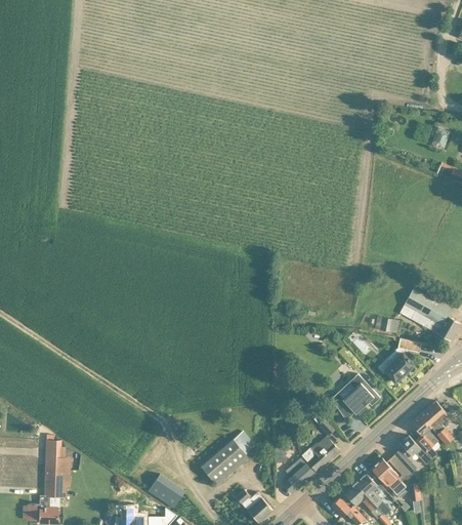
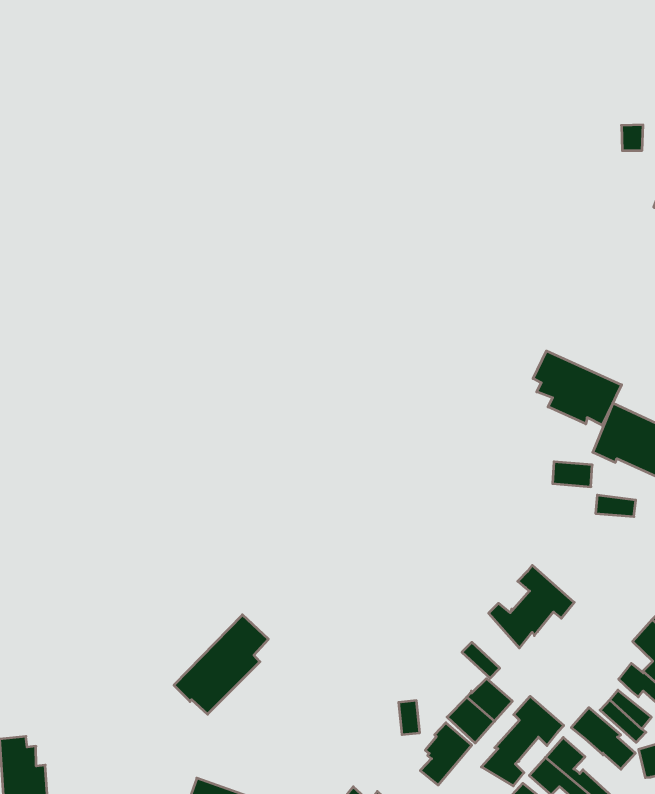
building: none -> [533,351,622,425]
building: [376,352,413,381] -> none
building: [198,430,254,484] -> [174,615,268,714]
building: none -> [481,696,564,786]

